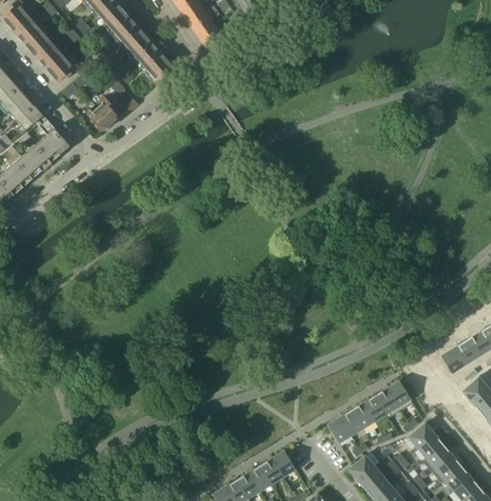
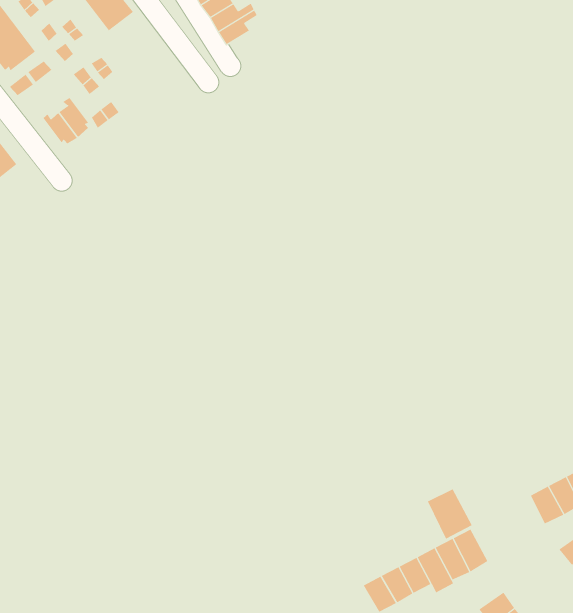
building: [127,34,172,85] -> none
building: none -> [427,489,472,539]

